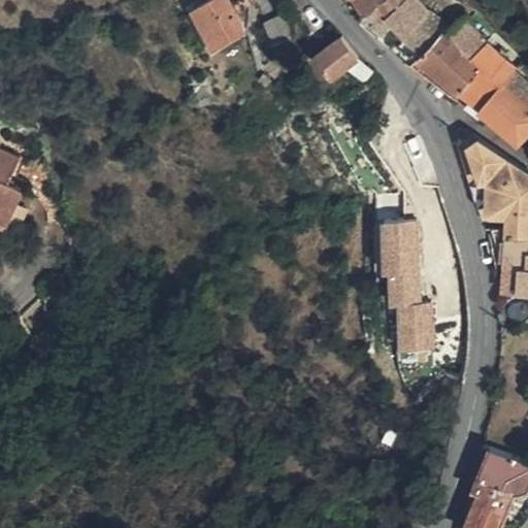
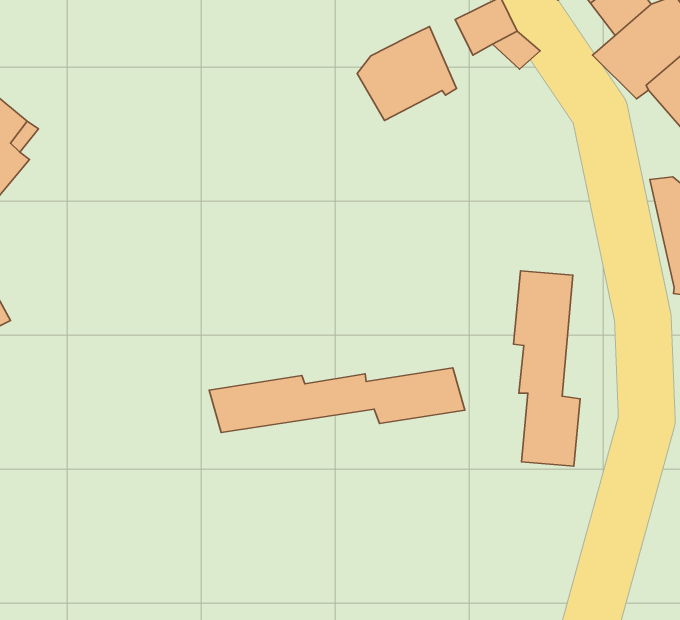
building: none -> [357,26,456,120]
building: none -> [209,368,465,433]

